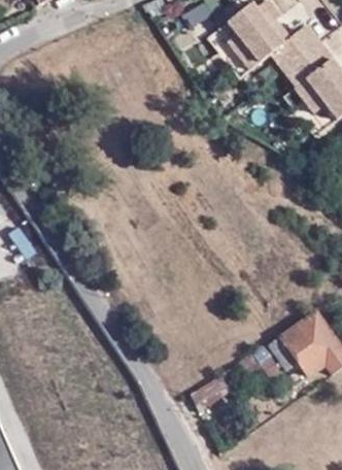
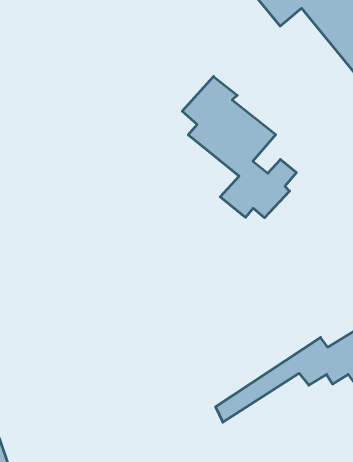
building: none -> [182,76,296,218]

